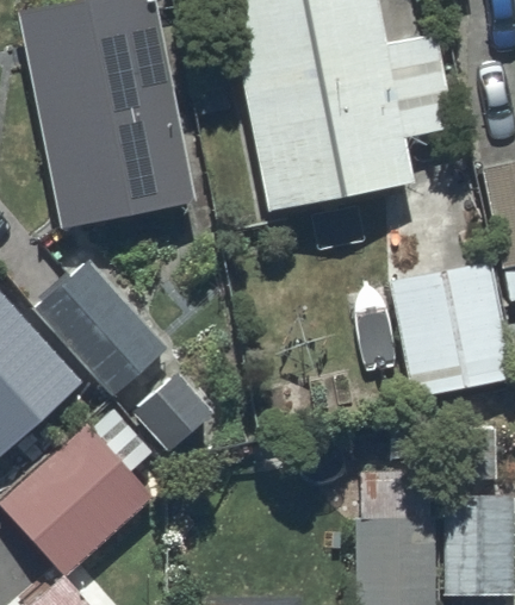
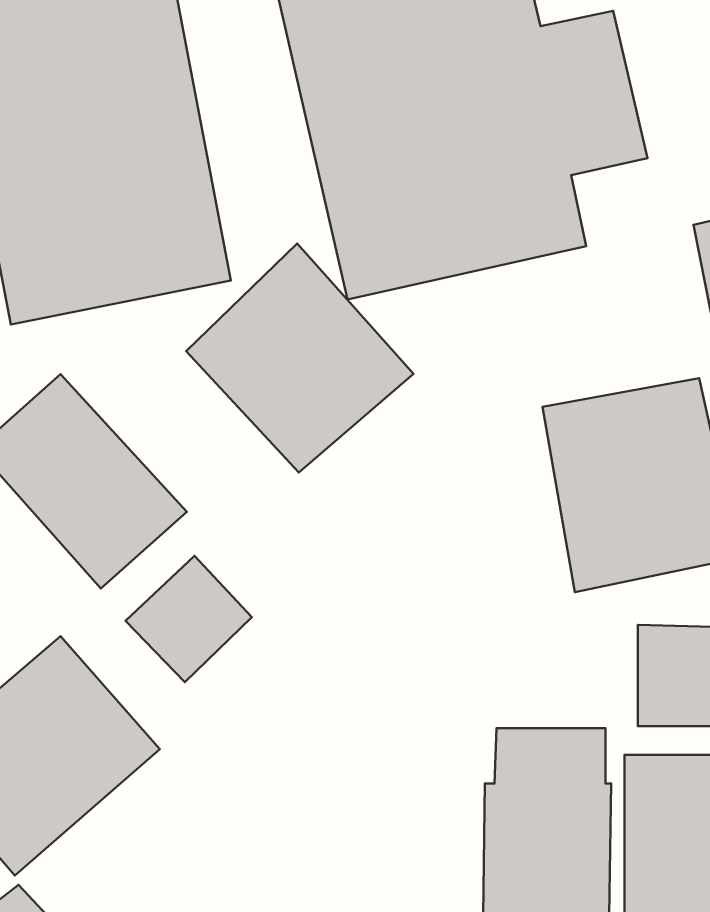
building: none -> [186,244,413,473]

